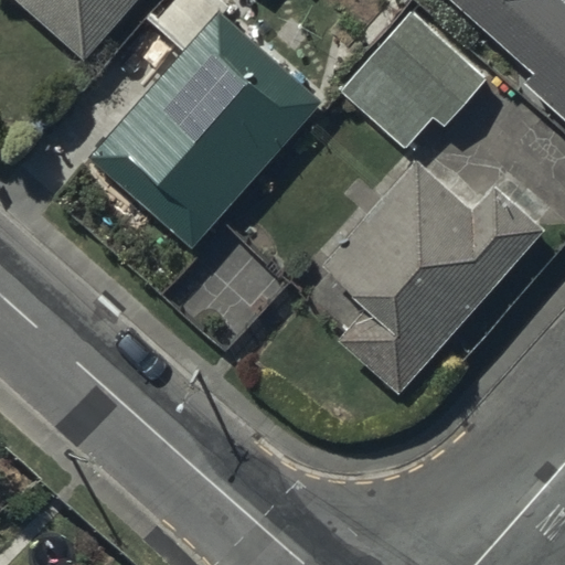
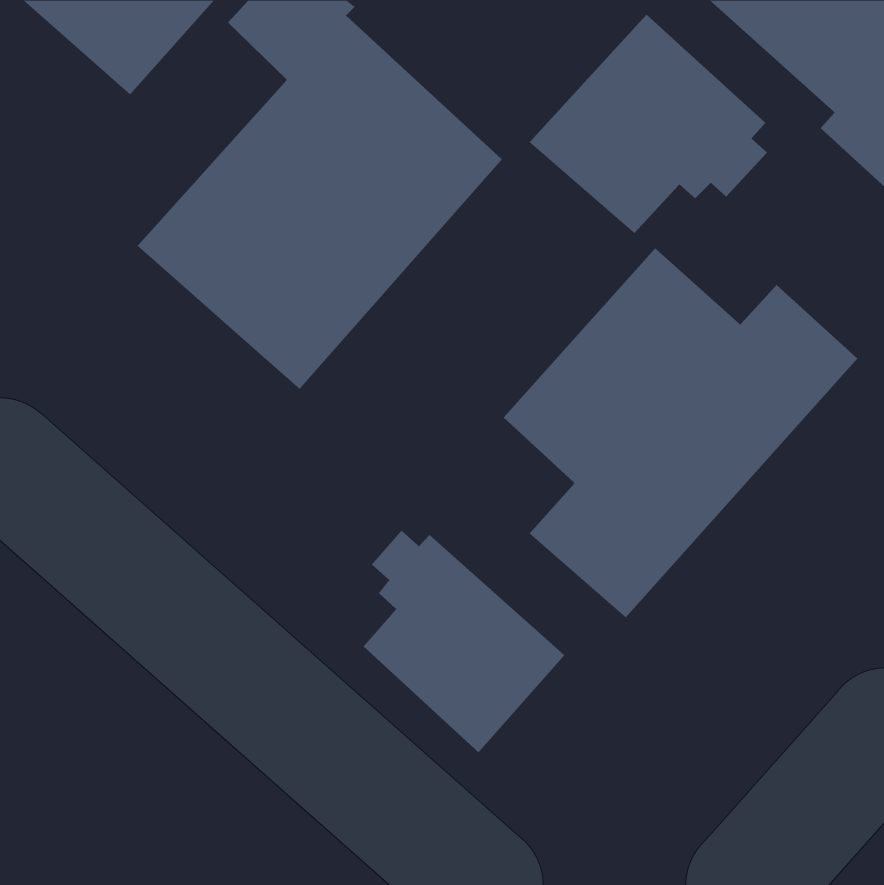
building: none -> [363,530,565,753]

